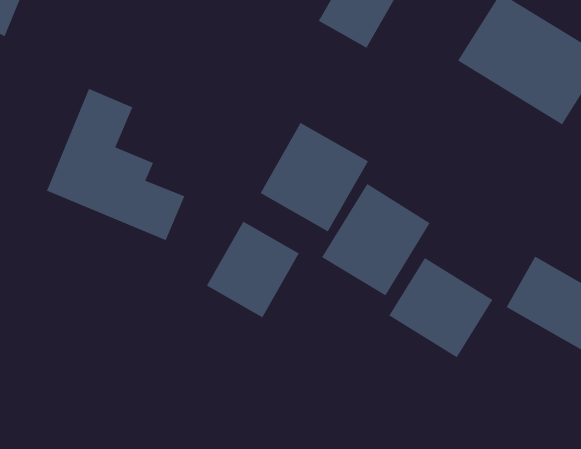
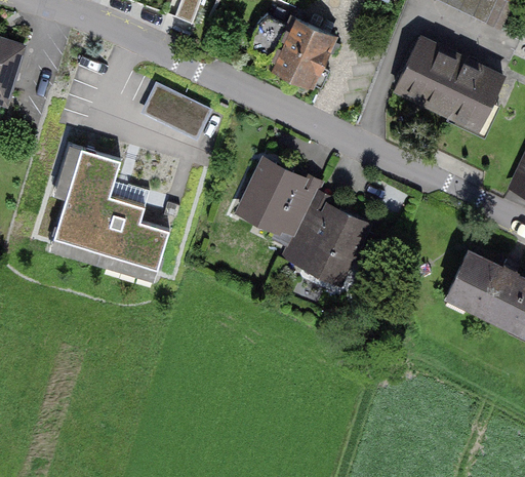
building: none -> [143,80,211,134]
building: [206,221,300,318] -> none
building: [388,257,493,358] -> none

